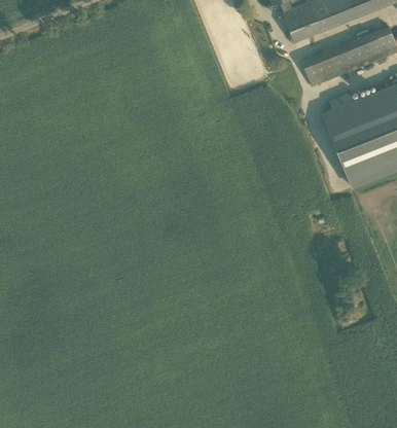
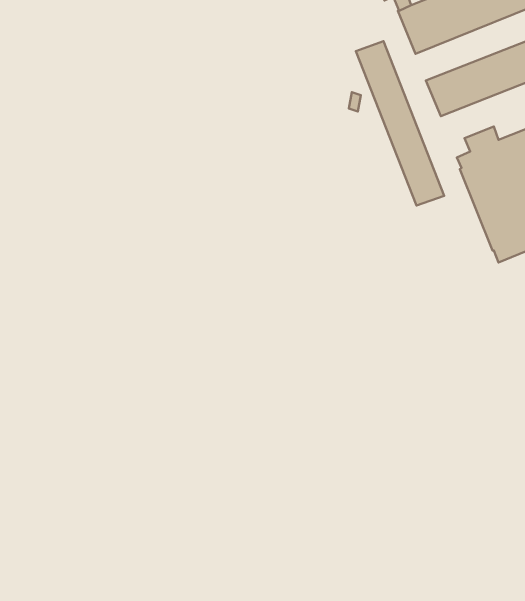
building: none -> [356,41,444,206]

